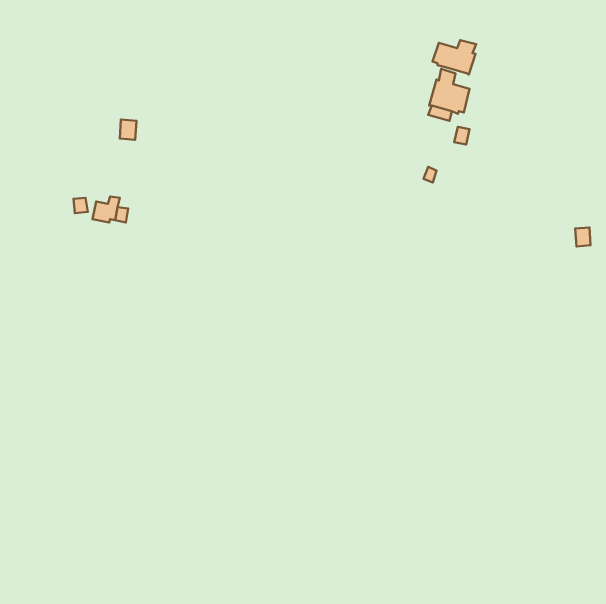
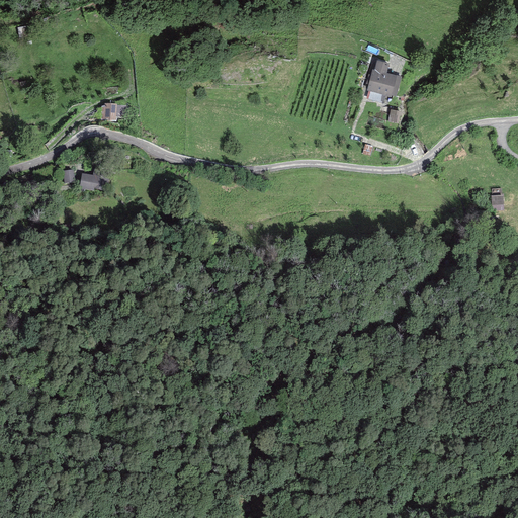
building: [432,40,476,74] -> none

